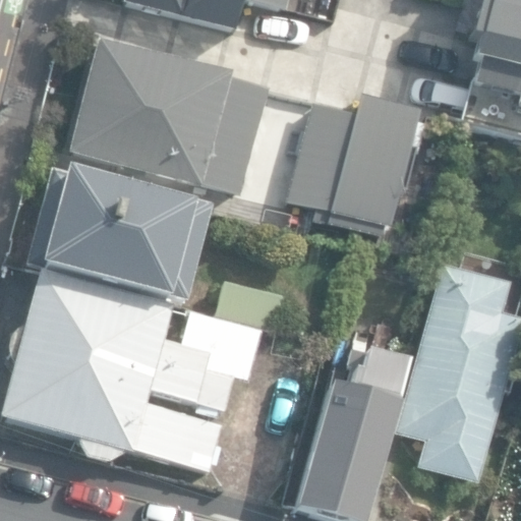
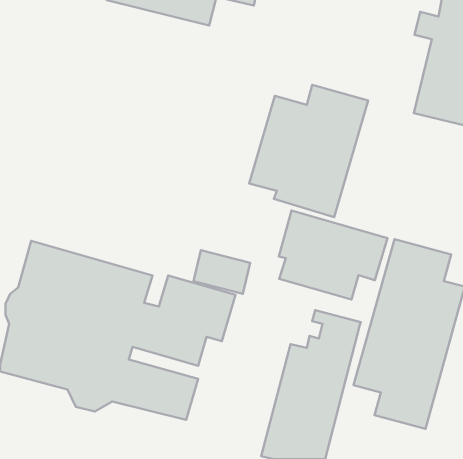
building: [70,39,263,187] -> none
building: [42,170,210,302] -> none
building: none -> [279,211,388,299]

